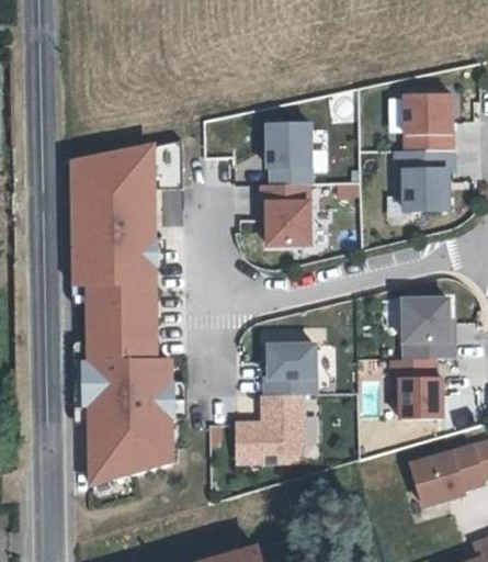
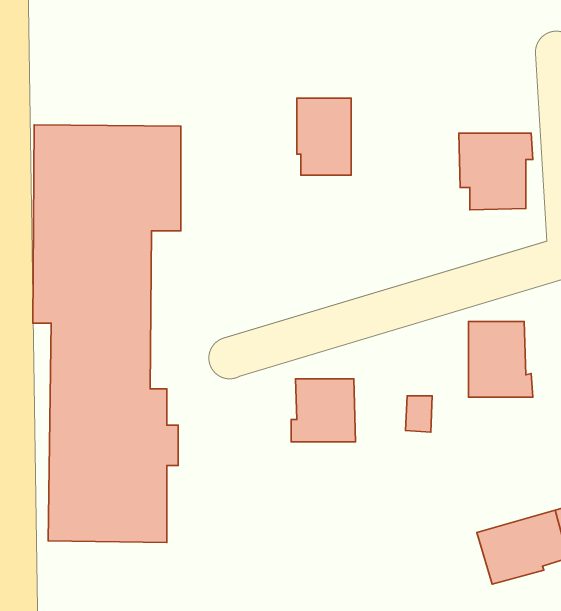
building: [407,94,454,150] -> none
building: [262,183,311,244] -> none
building: [391,358,442,418] -> none
building: [238,393,303,459] -> none

